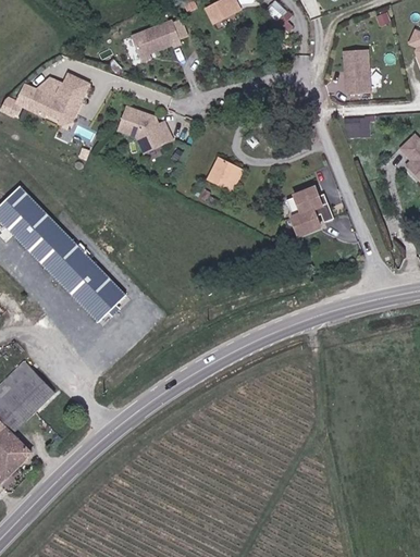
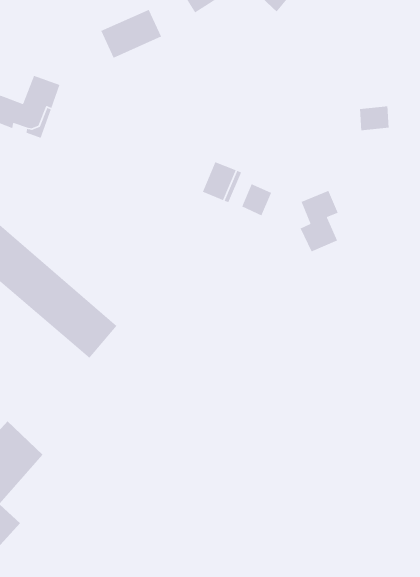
building: [343,49,370,94] -> none
building: [115,108,170,153] -> none
building: none -> [241,183,272,216]

